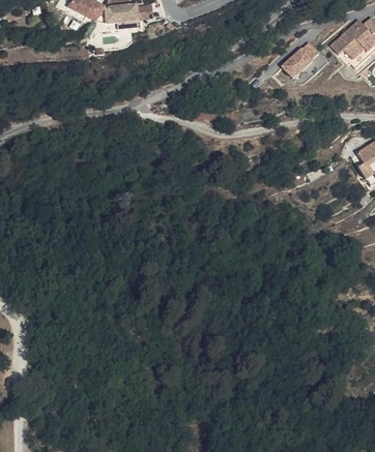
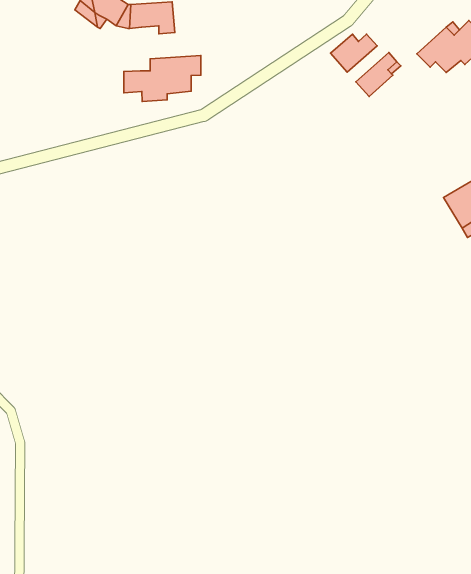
building: none -> [331,34,377,72]
building: none -> [124,56,201,101]

